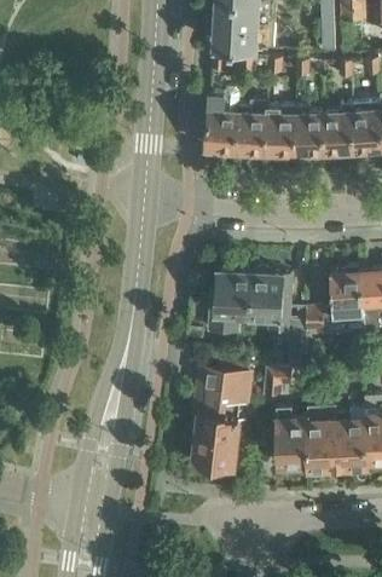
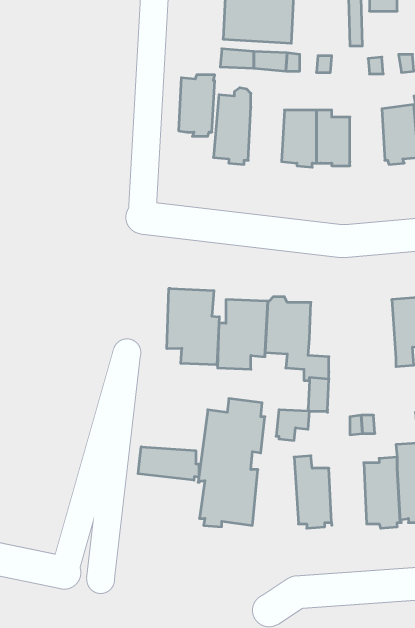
building: [235,102,266,155] -> [179,75,215,136]
building: [323,105,353,155] -> none
building: none -> [167,288,219,365]
building: [305,267,363,334] -> none
building: none -> [138,447,199,480]
building: [305,412,337,471] -> none

